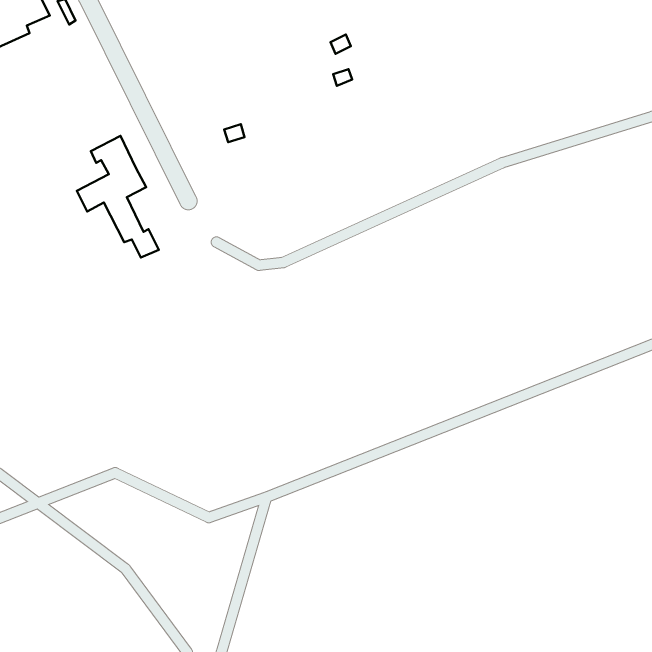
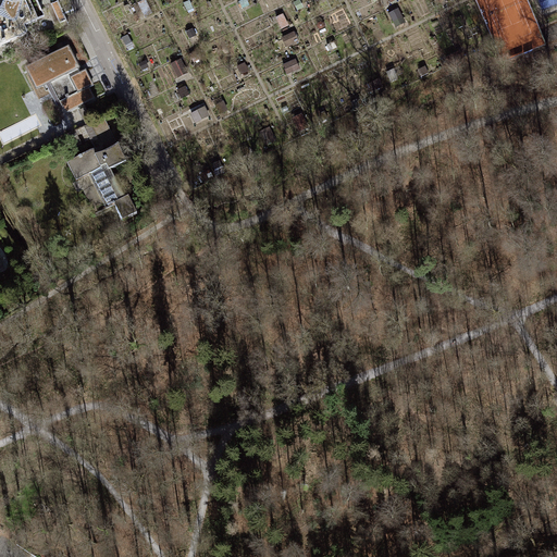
building: none -> [25,46,91,109]

